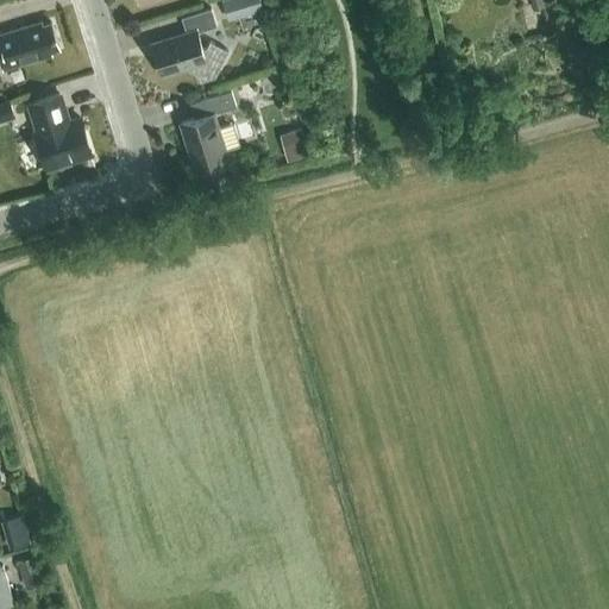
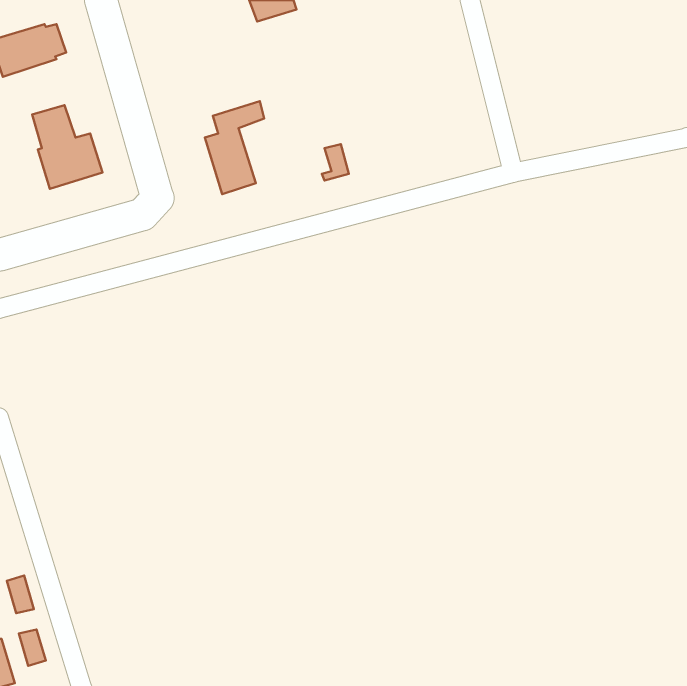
building: [151,10,227,81] -> none

